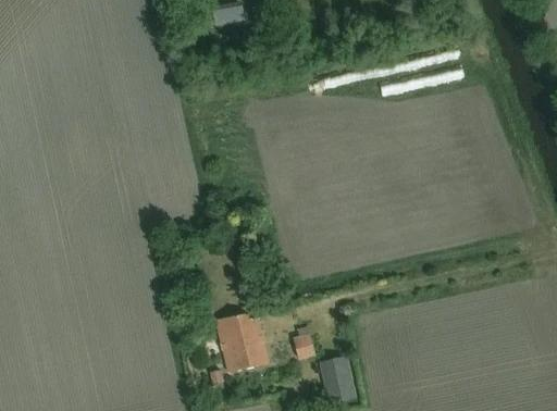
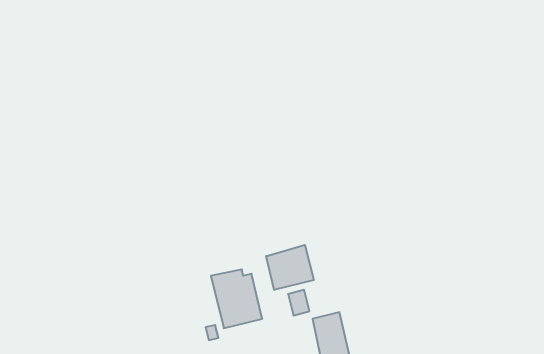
building: none -> [266,245,314,290]

